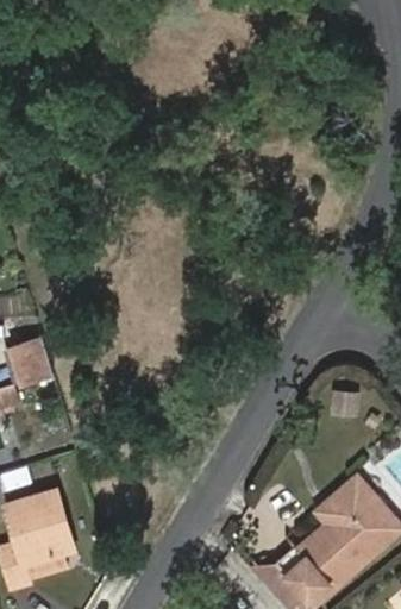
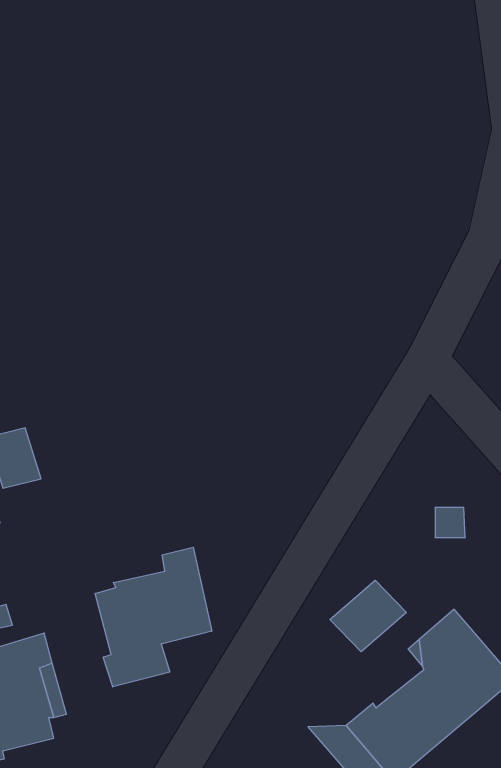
building: none -> [95,547,212,687]
building: none -> [330,580,406,652]

